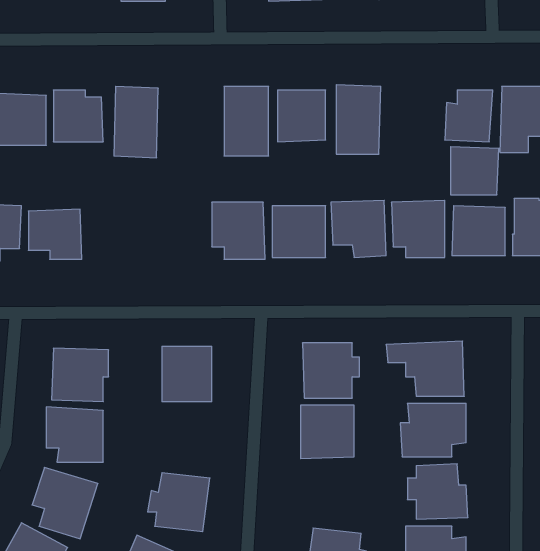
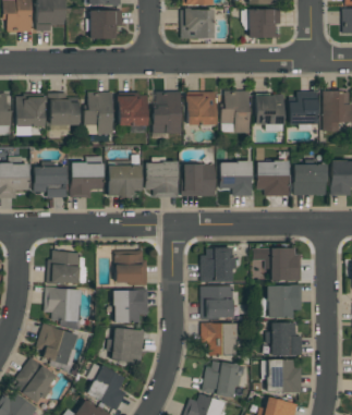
building: none -> [118,96,147,126]
building: [451,147,499,195] -> [255,95,284,124]
building: none -> [70,162,104,198]
building: none -> [108,166,142,197]
building: none -> [113,290,148,324]
building: none -> [202,324,236,356]

